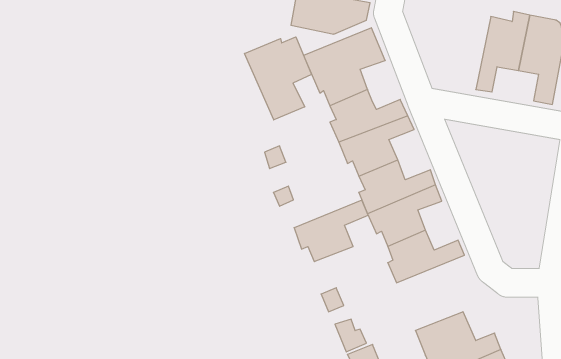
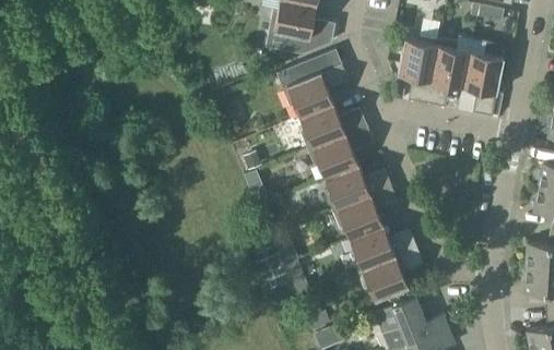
building: none -> [398,36,439,102]
building: [245,37,311,120] -> none
building: [294,200,368,262] -> [357,246,422,300]

